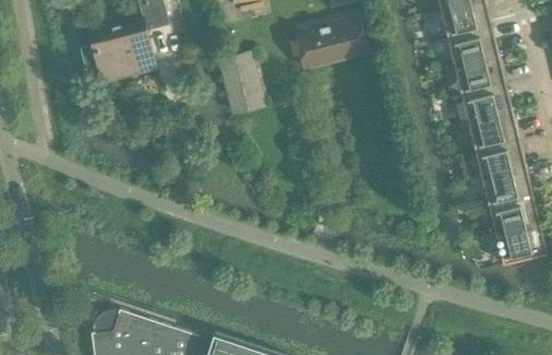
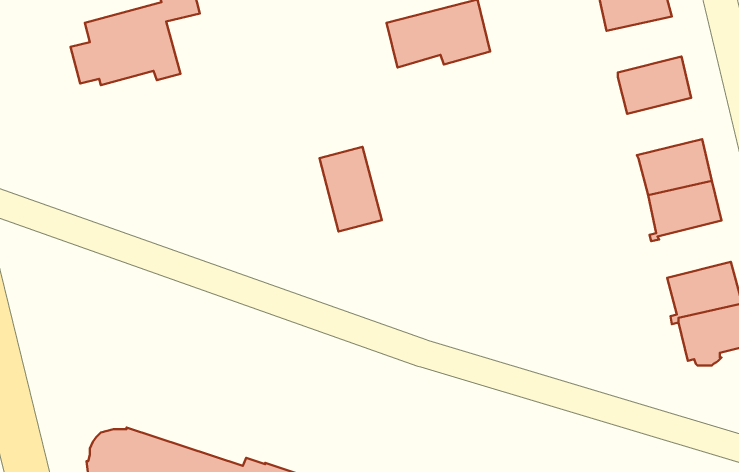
building: [446,28,497,71] -> none
building: [219,55,262,113] -> [320,147,382,231]
building: [460,84,512,127] -> none
building: [481,168,531,208] -> none

